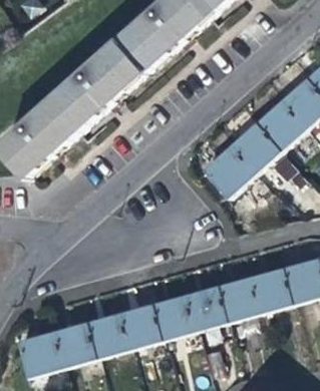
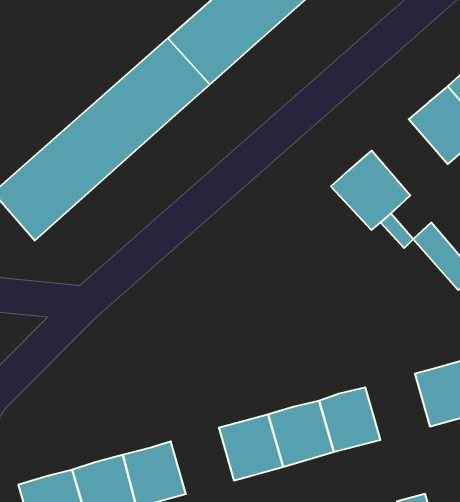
building: [254,97,305,148] -> none
building: [200,142,254,196] -> none
building: [250,268,293,312] -> none
building: [119,304,162,348] -> none

